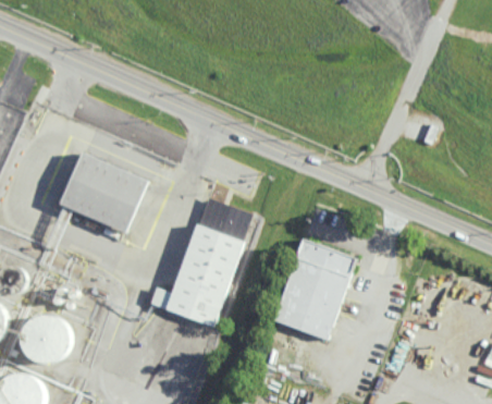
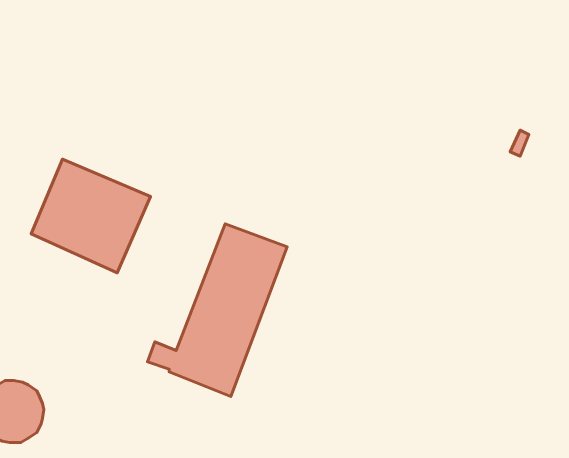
building: [272,237,356,340] -> none

